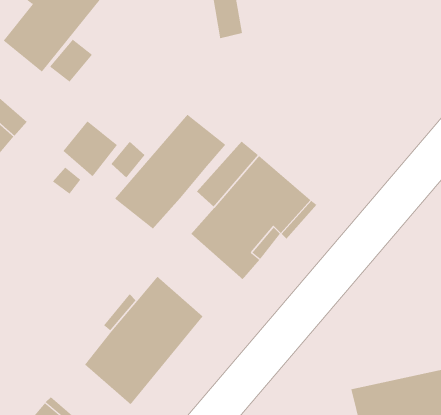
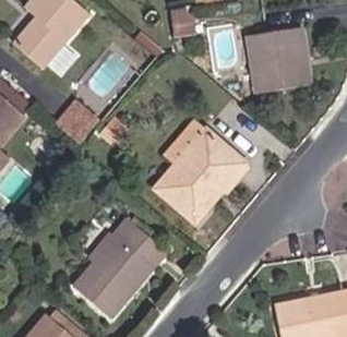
building: none -> [248,27,310,92]
building: [114,114,226,230] -> none

